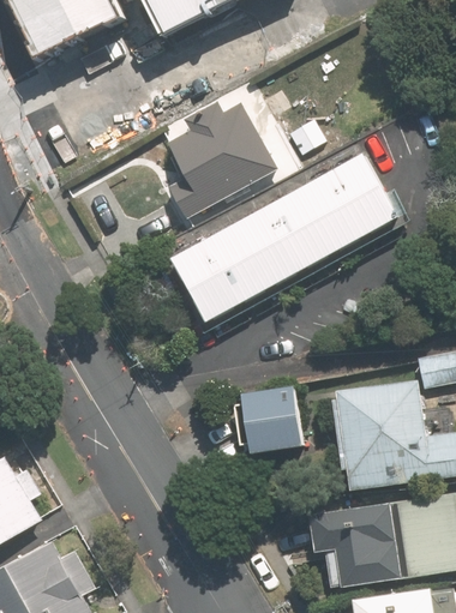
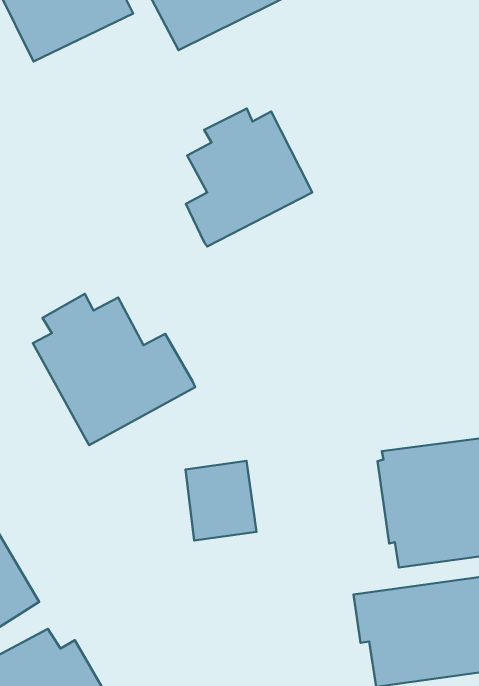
building: [166,157,397,333] -> none
building: none -> [33,294,195,445]
building: [241,385,301,452] -> [186,461,257,540]

